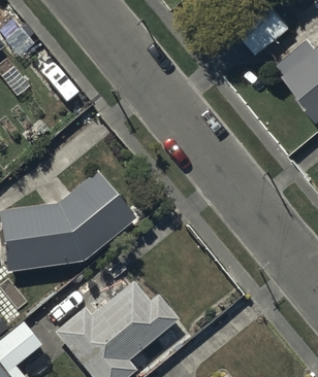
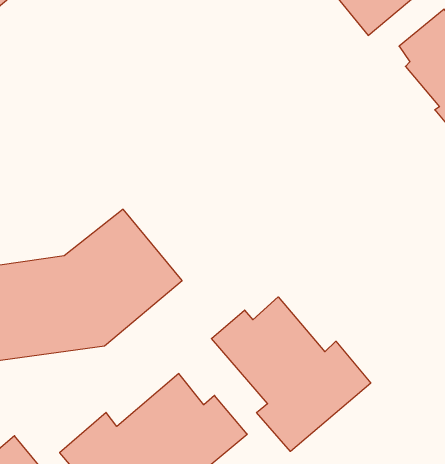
building: none -> [211,297,371,451]

